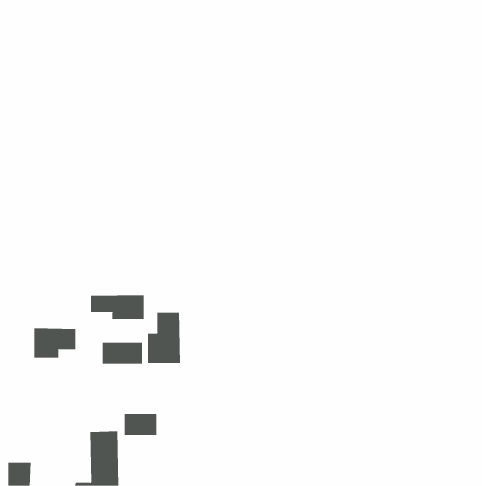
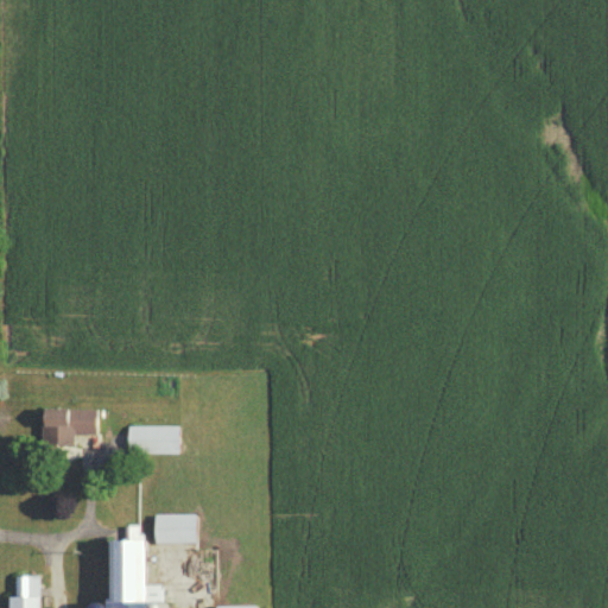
building: [91,294,144,320] -> none
building: [148,312,180,364] -> none

